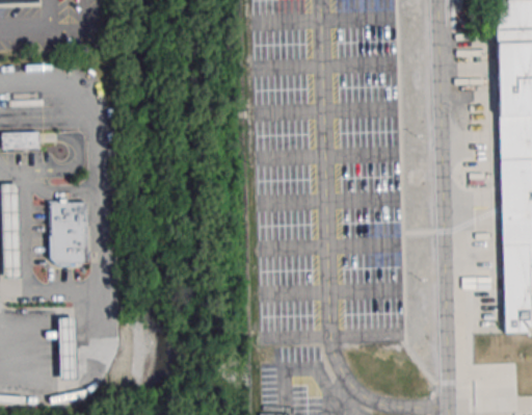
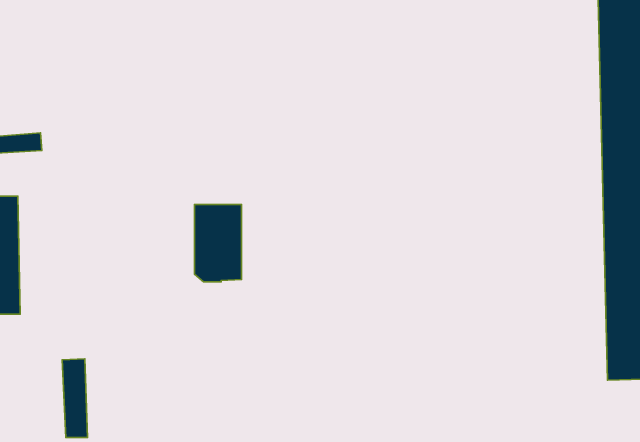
building: [49,201,87,264] -> [195,205,241,282]

